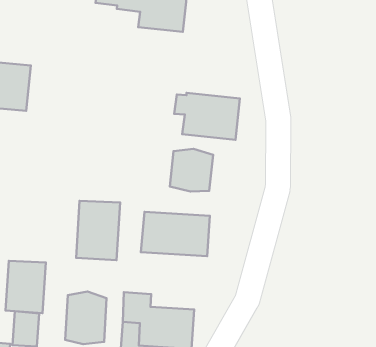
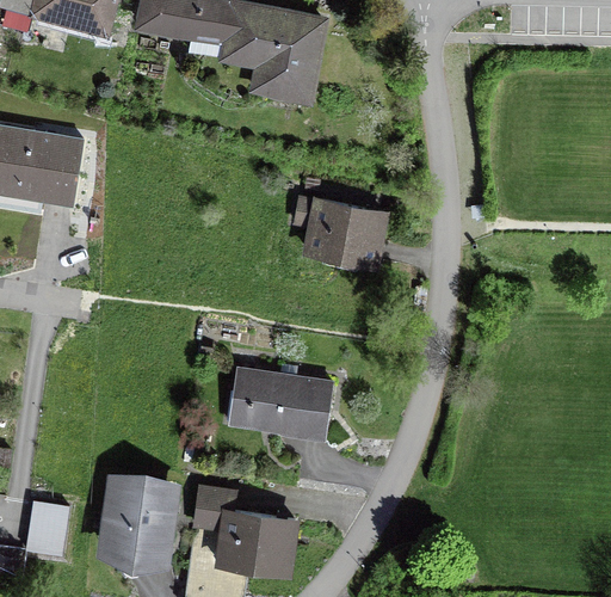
building: [170,149,213,191] -> none
building: [76,201,120,260] -> none
building: [6,261,46,313] -> none

